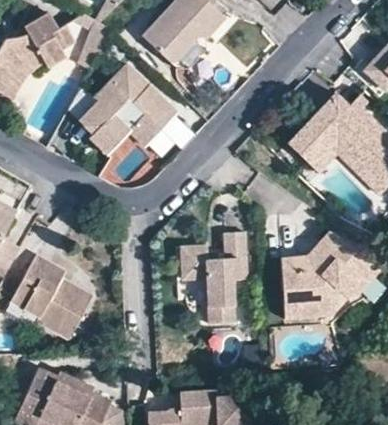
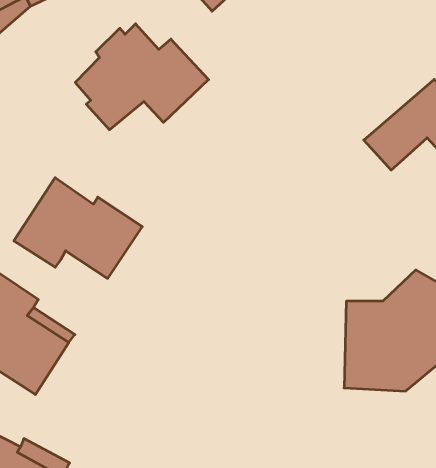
building: none -> [14,178,142,278]
building: [180,234,247,326] -> none

